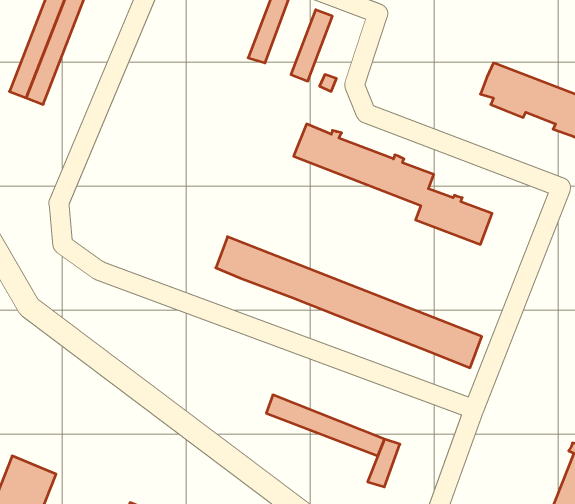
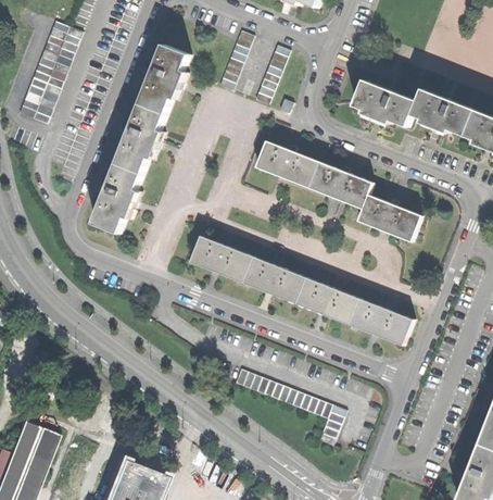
building: none -> [94,43,189,234]
building: none -> [354,80,417,127]

